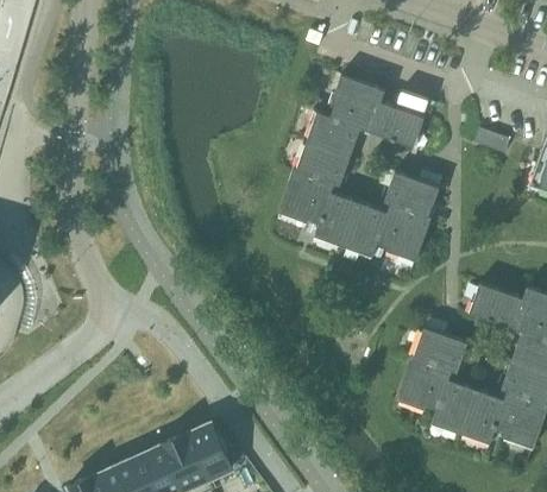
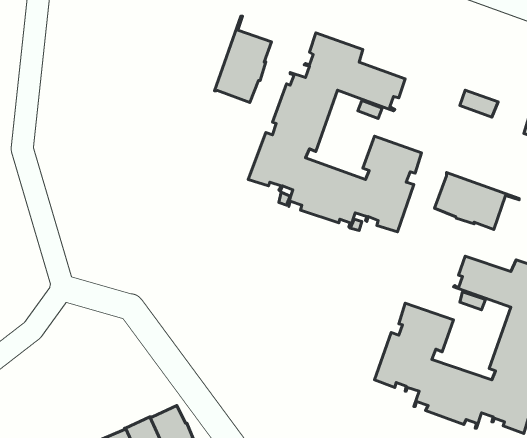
building: none -> [214,16,271,102]
building: none -> [435,173,519,229]

